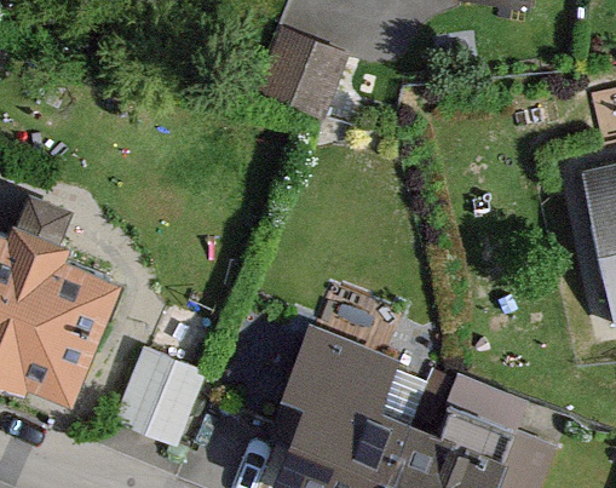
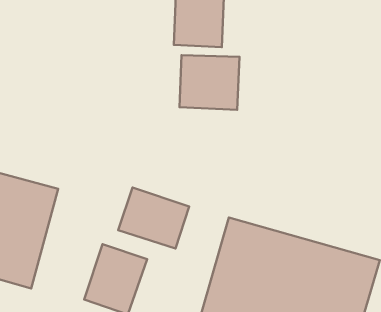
building: none -> [180,55,239,110]
building: none -> [118,187,189,249]

